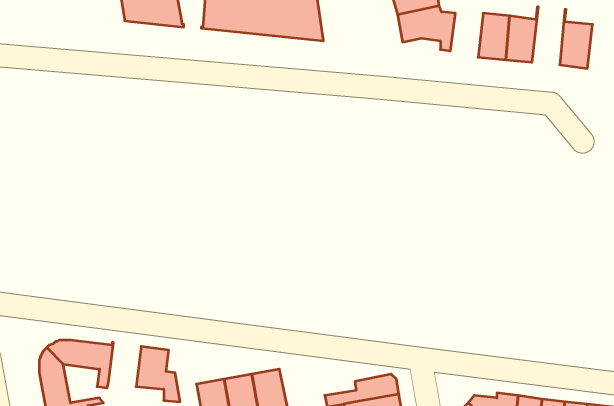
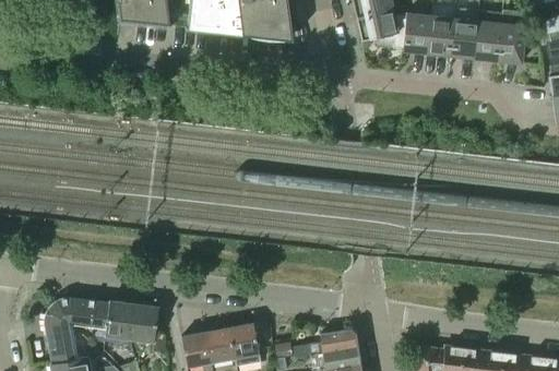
building: none -> [474,10,502,60]
building: none -> [403,13,431,53]
building: none -> [106,301,134,339]

